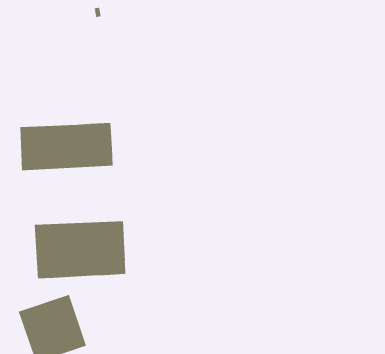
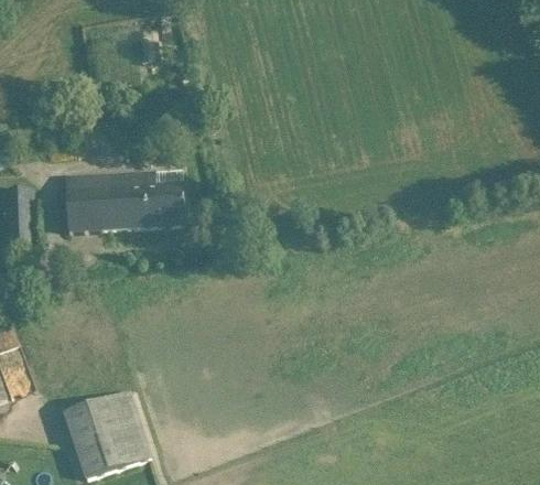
building: [34,220,126,279] -> none

